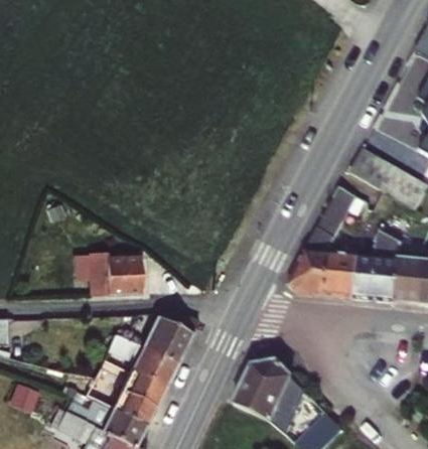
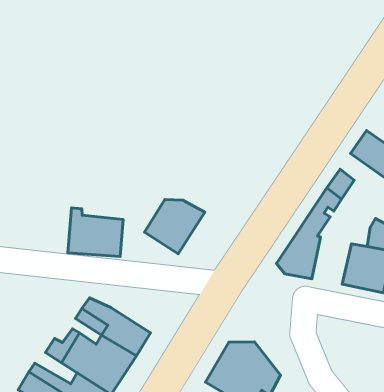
building: [325,255,360,297] -> none
building: [143,311,198,362] -> [144,199,205,254]

